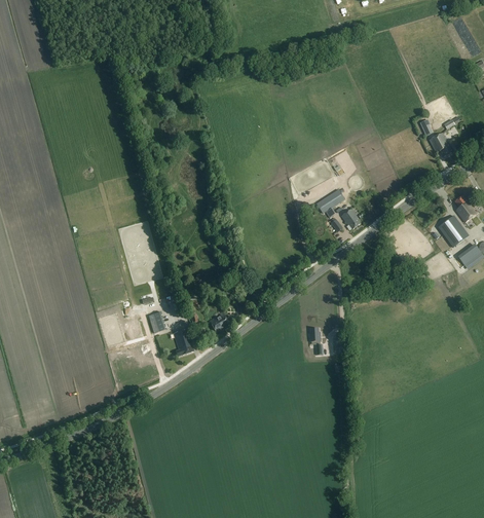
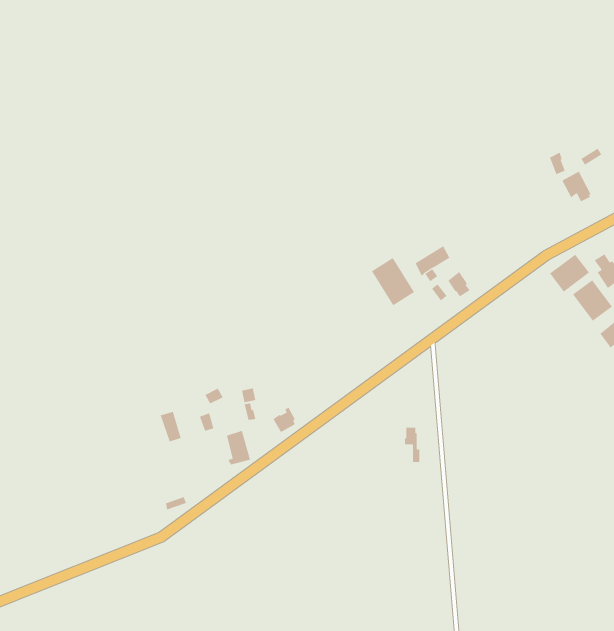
building: none -> [549,254,590,292]
building: none -> [371,257,415,306]

